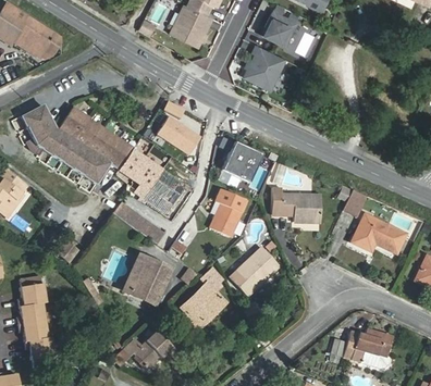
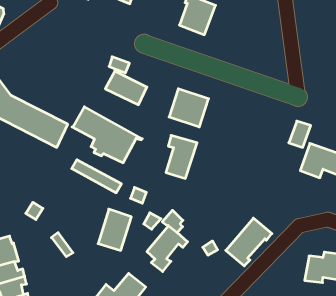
building: [59,108,135,169] -> none
building: [272,188,321,222] -> none
building: [230,247,280,296] -> [226,218,272,266]

